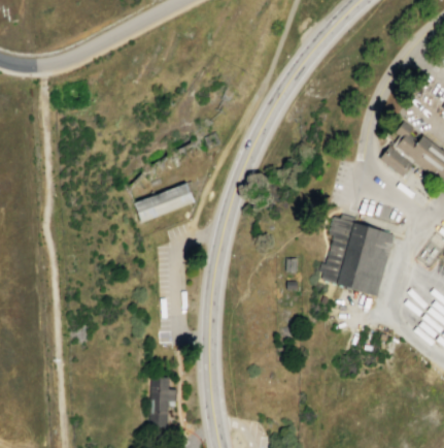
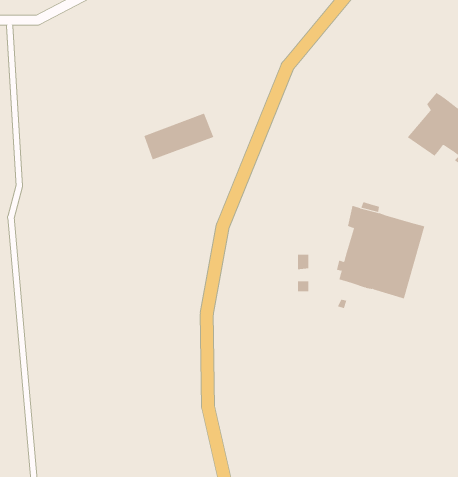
building: [136,182,196,222] -> [144,113,214,160]
building: [149,376,178,425] -> none

